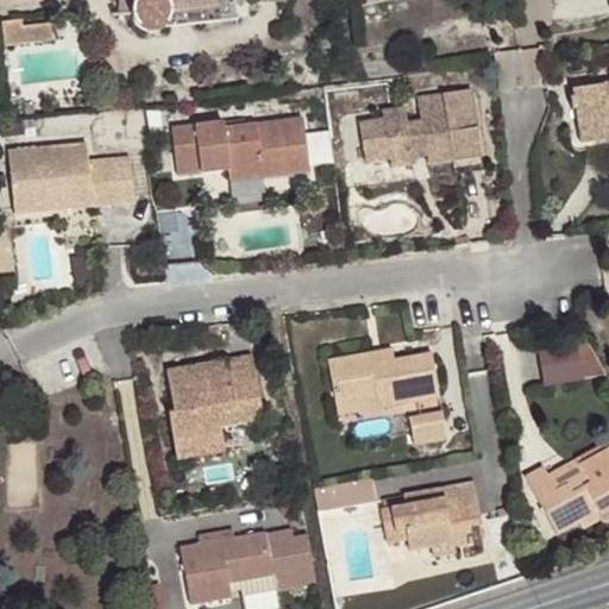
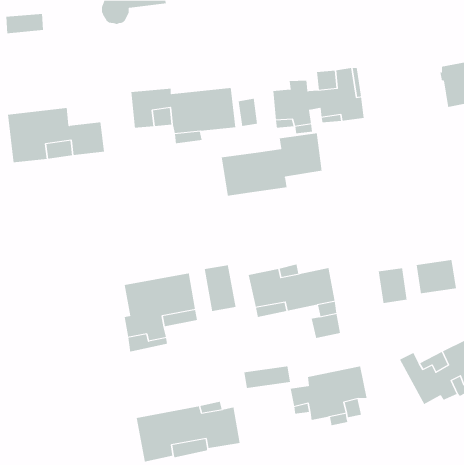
building: none -> [221,132,322,196]
building: none -> [204,264,236,312]
building: none -> [378,267,407,304]

